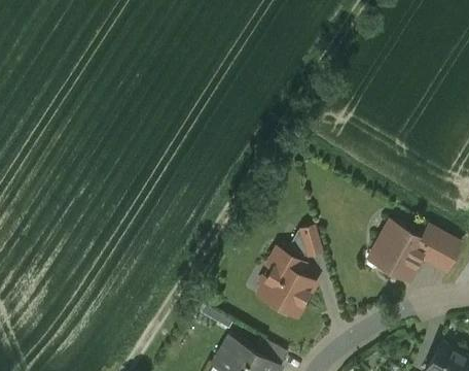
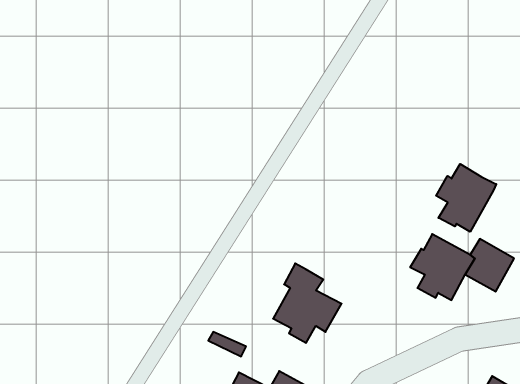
building: none -> [436,164,496,232]
building: [285,227,321,262] -> none

